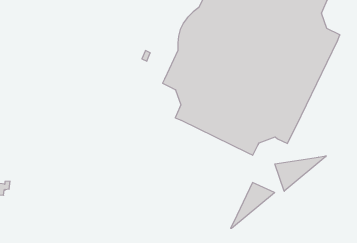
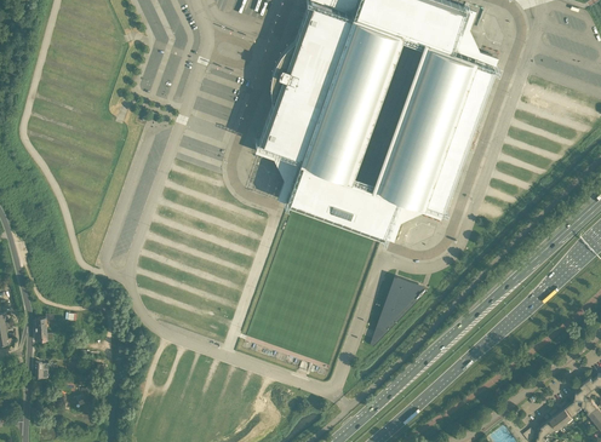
building: [275,156,326,191] -> none

